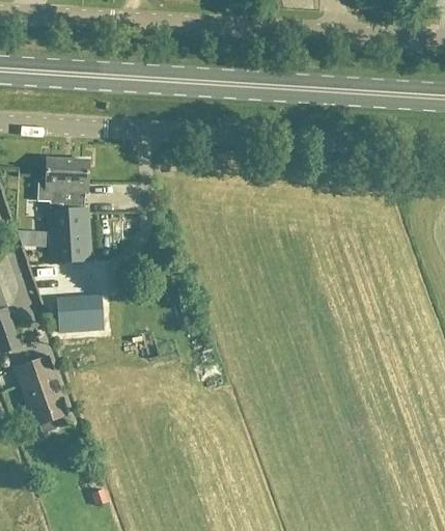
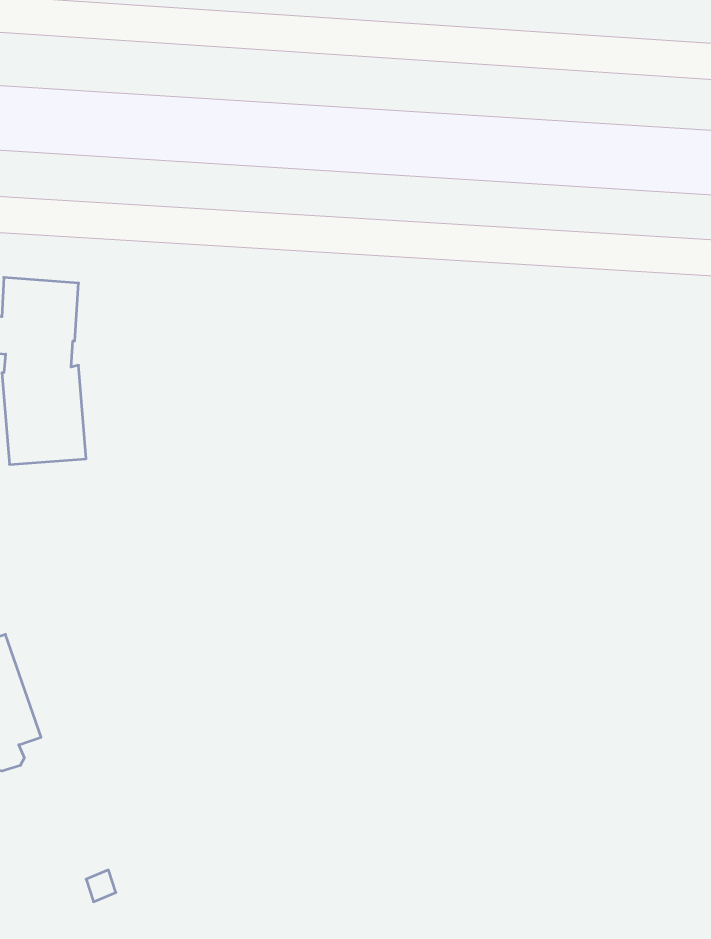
building: [53,296,90,319] -> none

